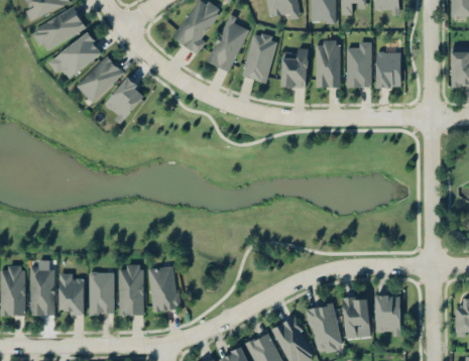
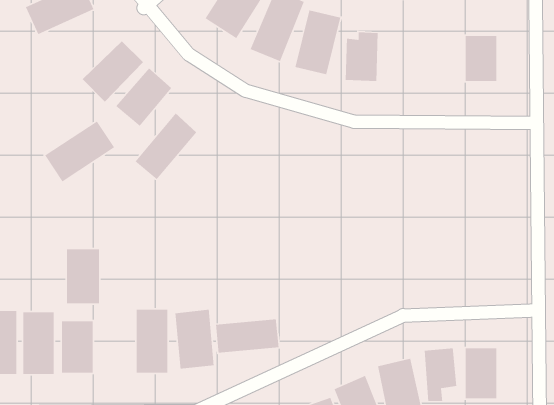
building: [48,33,104,82] -> [44,120,115,182]
building: [315,40,340,88] -> none
building: [347,42,371,88] -> none
building: none -> [135,113,197,180]
building: [89,272,115,316] -> [66,249,100,304]
building: none -> [215,318,279,354]

